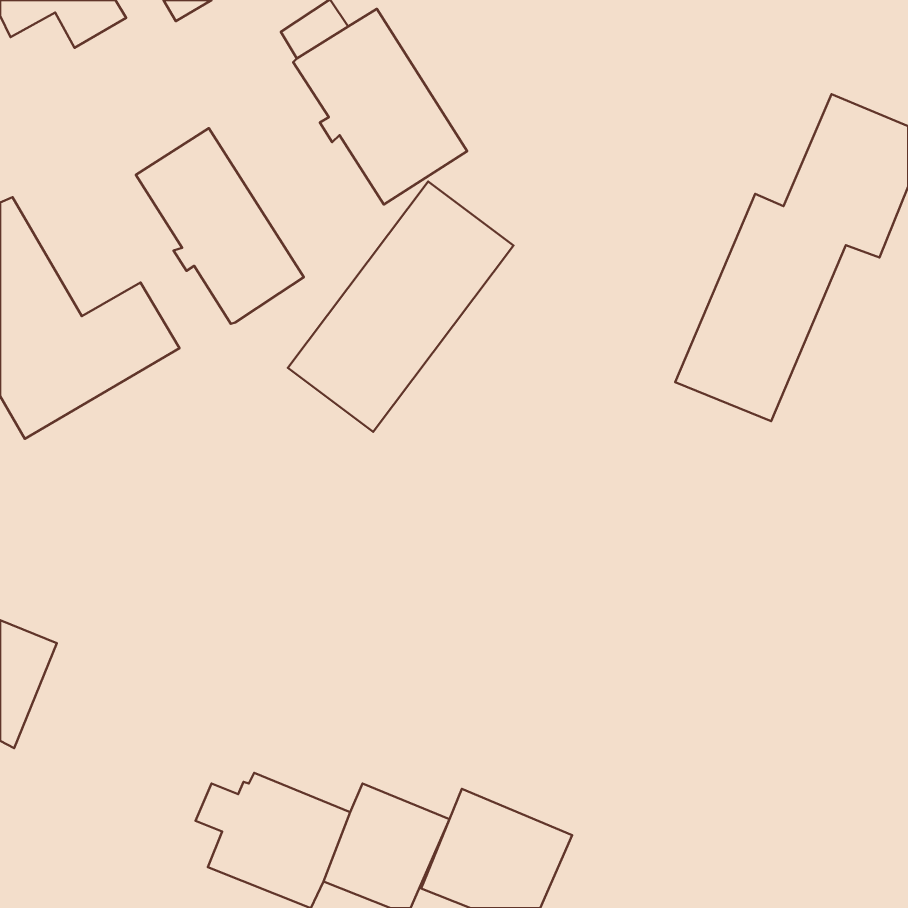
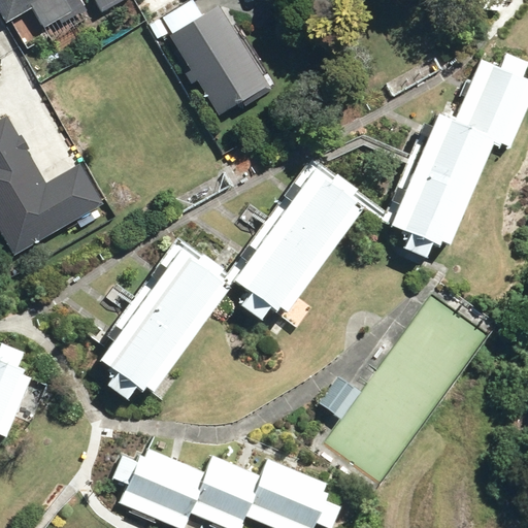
building: [136,128,304,324] -> none
building: [288,181,514,432] -> [232,167,363,312]
building: none -> [101,250,231,394]

